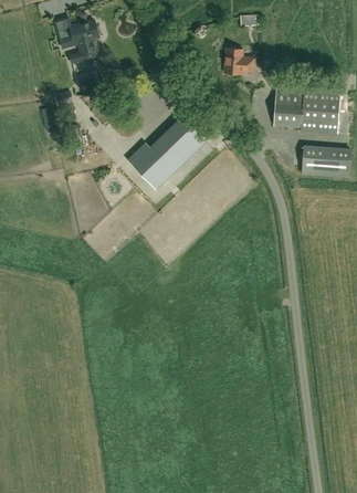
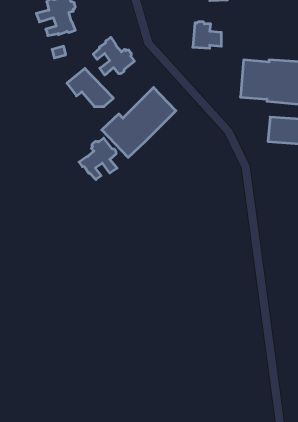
building: none -> [93,37,134,75]
building: none -> [79,138,117,180]

